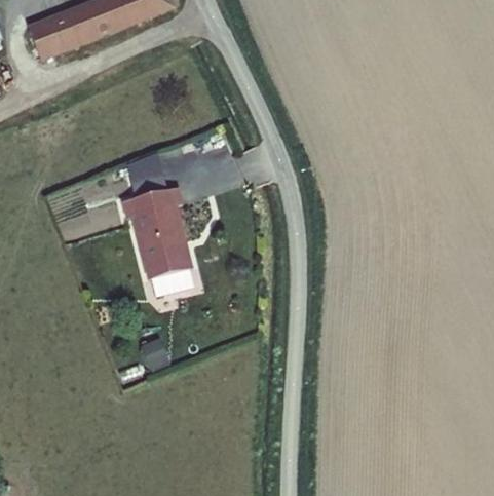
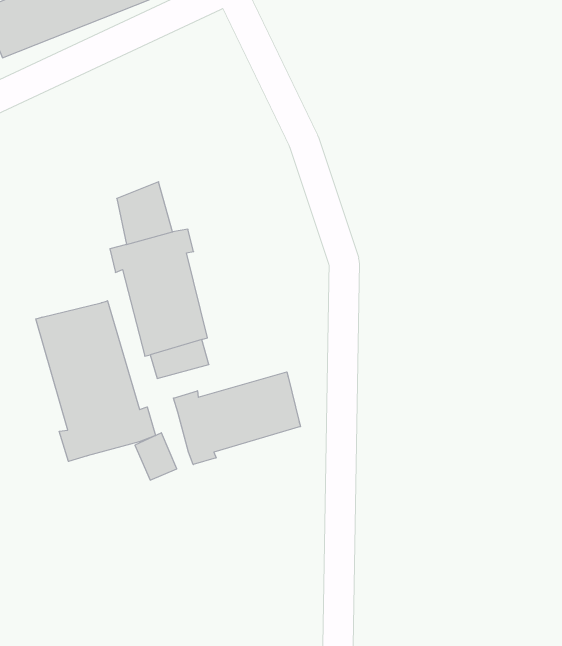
building: none -> [36,301,156,461]
building: none -> [173,372,300,465]

